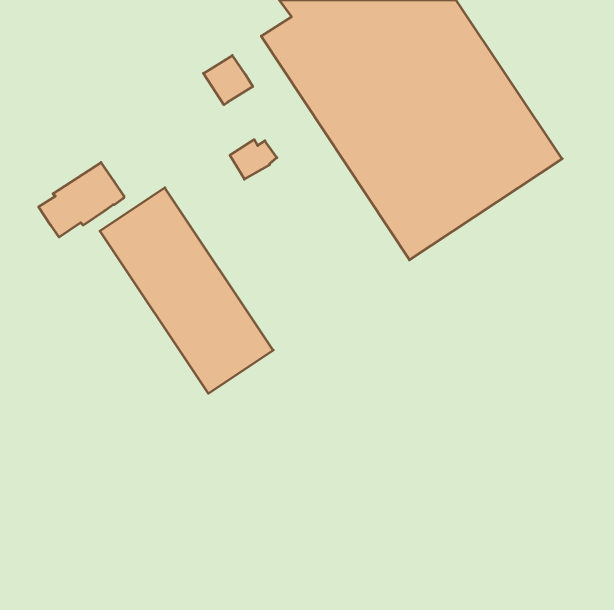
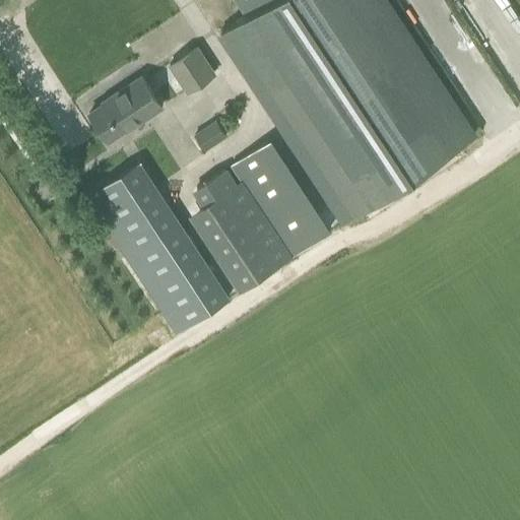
building: none -> [188,140,332,294]
building: [39,162,124,237] -> [90,79,162,142]

